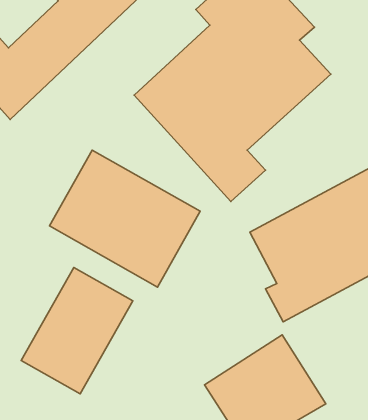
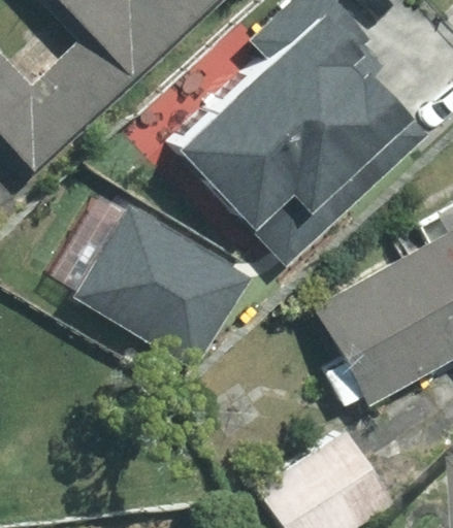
building: [21,267,133,394] -> none

